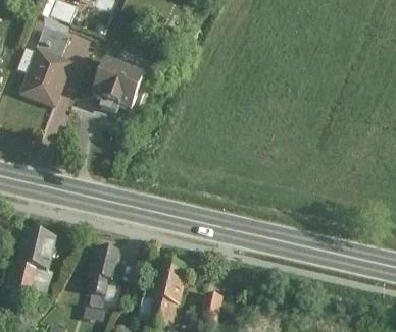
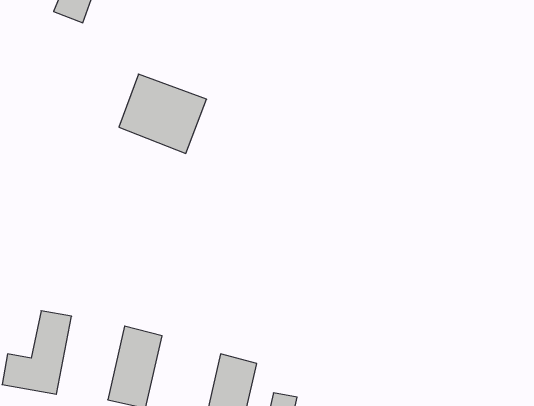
building: [15,25,78,106] -> none

